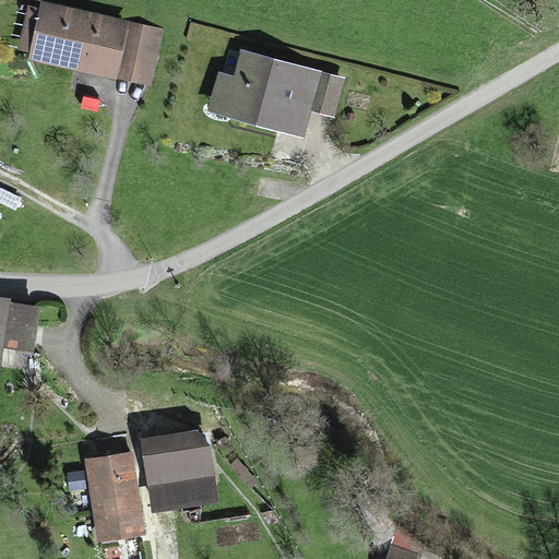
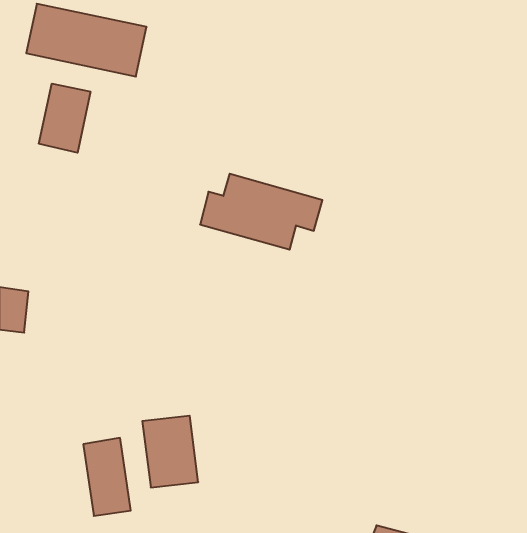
building: [210,55,336,133] -> [200,174,322,250]
building: none -> [39,84,90,153]

